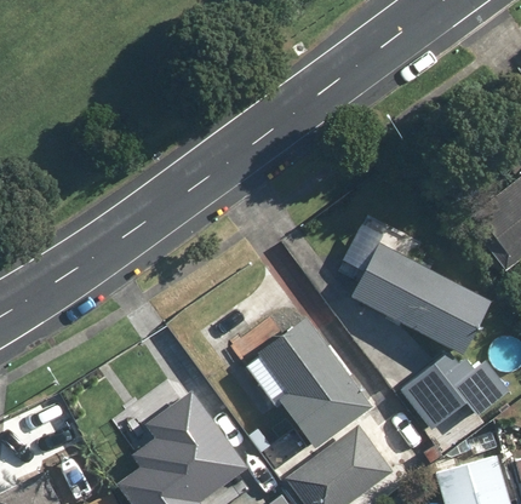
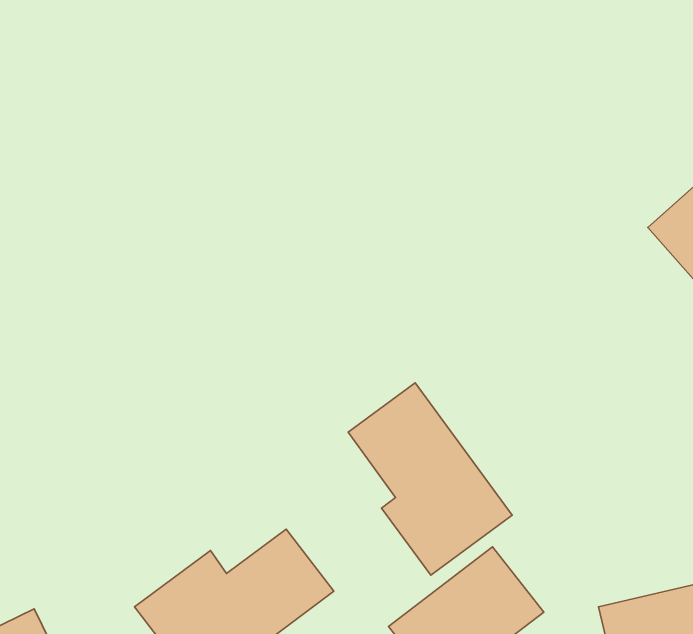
building: [338,220,486,351] -> none
building: [400,354,475,429] -> none

